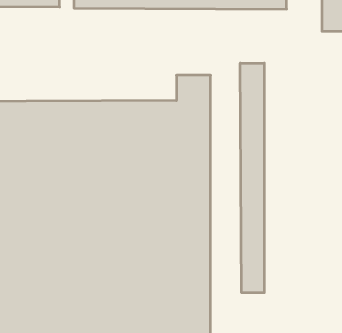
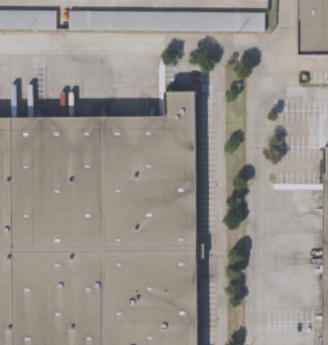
building: [240,63,264,293] -> none

